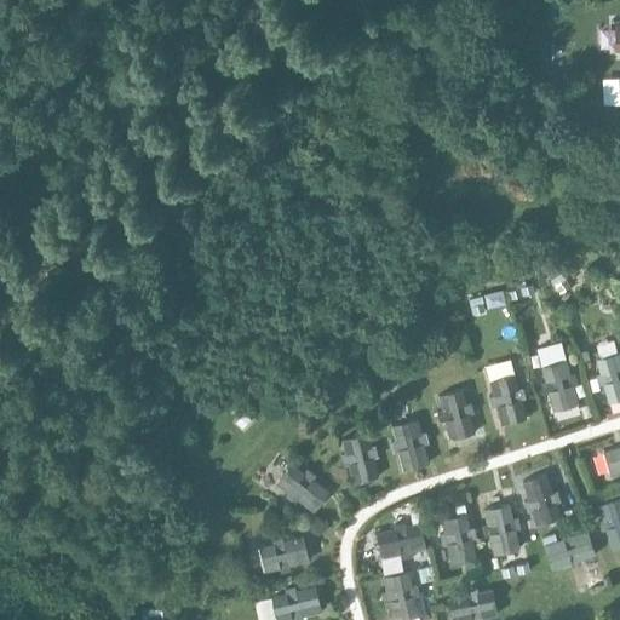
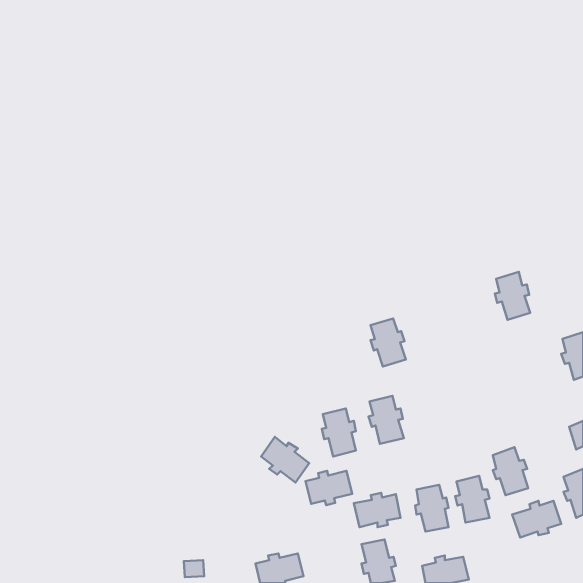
building: [541,361,579,412] -> [495,272,530,320]
building: [489,375,527,426] -> none
building: [437,390,475,441] -> [370,318,406,366]
building: [259,538,309,574] -> [305,471,352,505]

